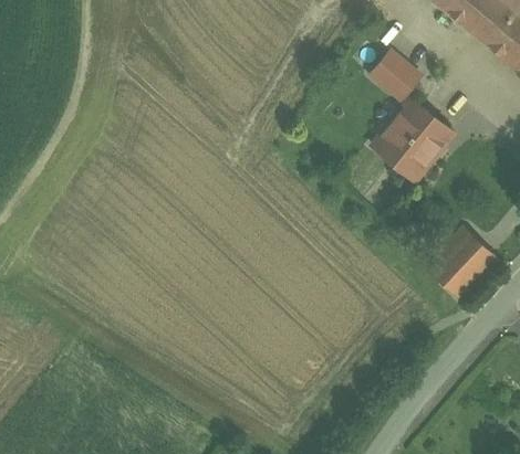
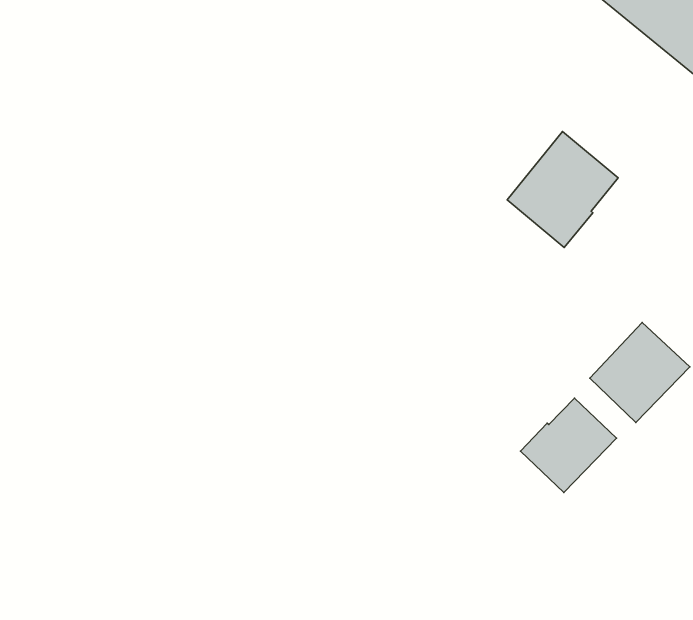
building: [371,50,420,98] -> none
building: none -> [520,398,617,492]

